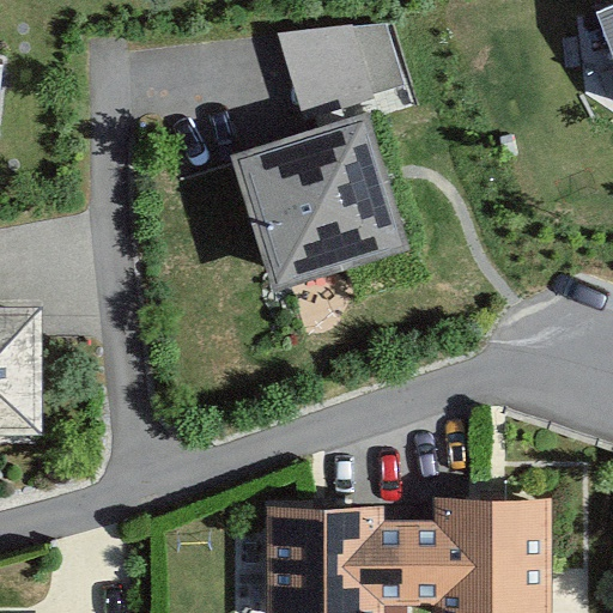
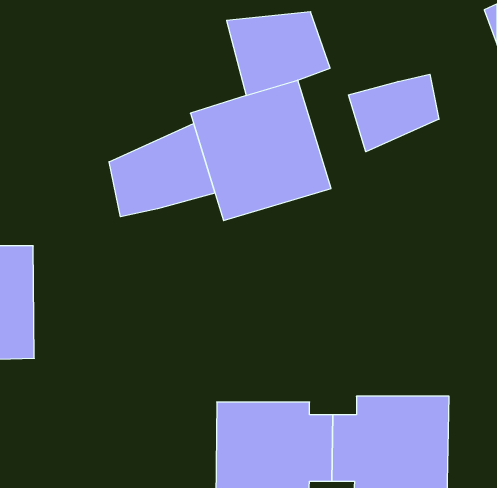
building: none -> [348,74,439,152]
building: none -> [109,123,215,217]

